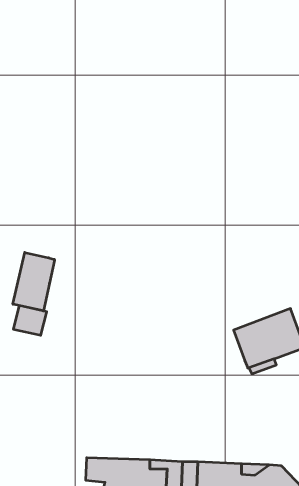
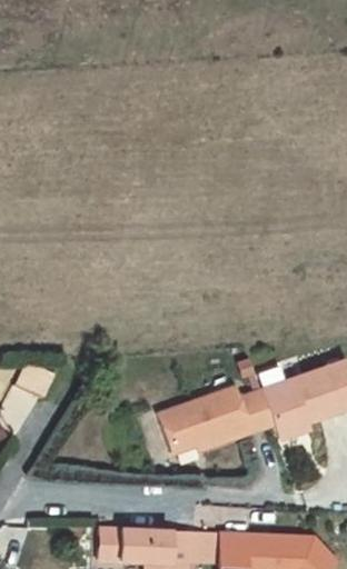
building: [13,252,54,311] -> none
building: none -> [160,387,274,453]

